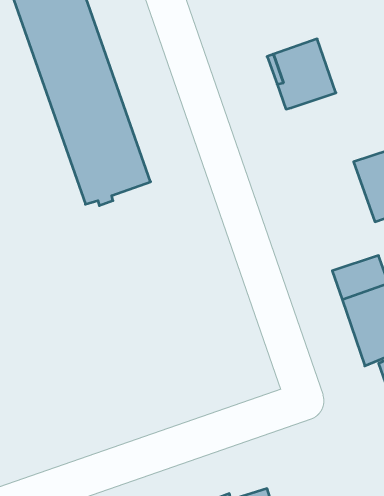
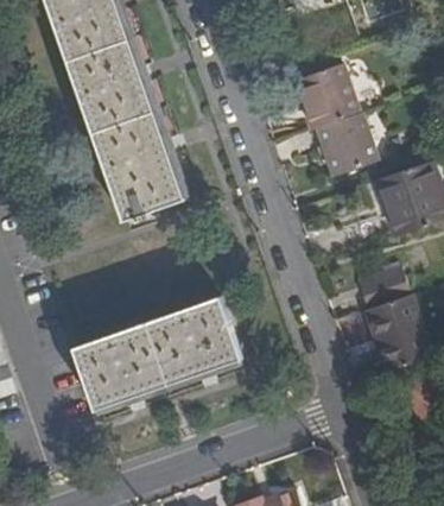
building: none -> [316,113,376,176]
building: none -> [71,297,239,411]

